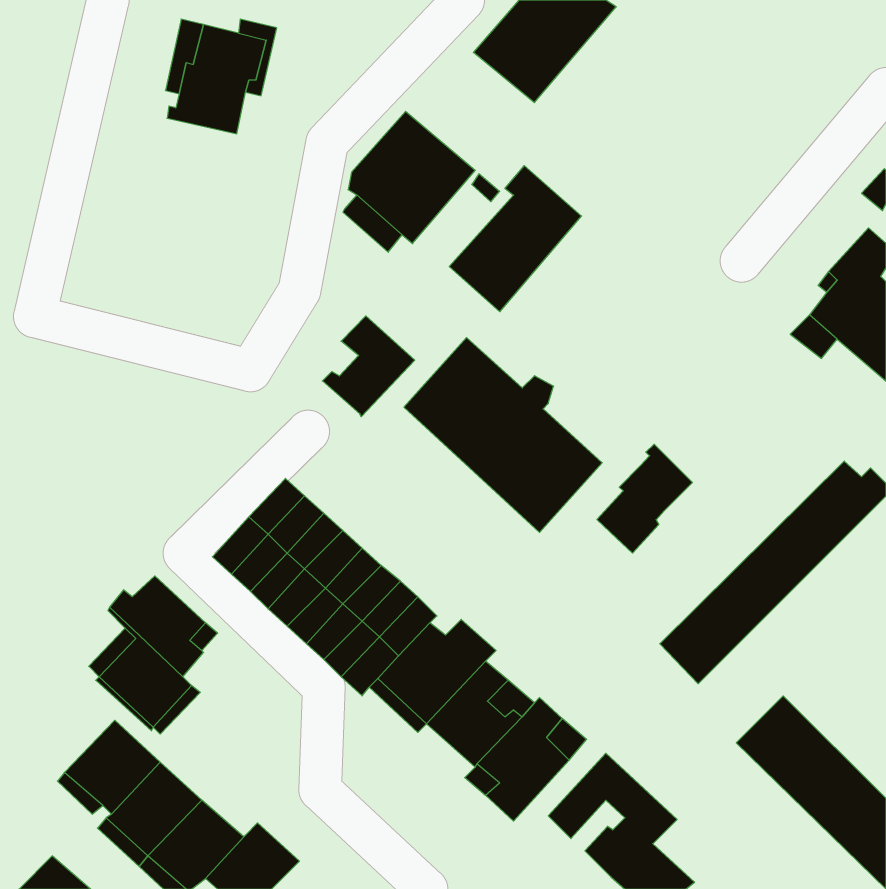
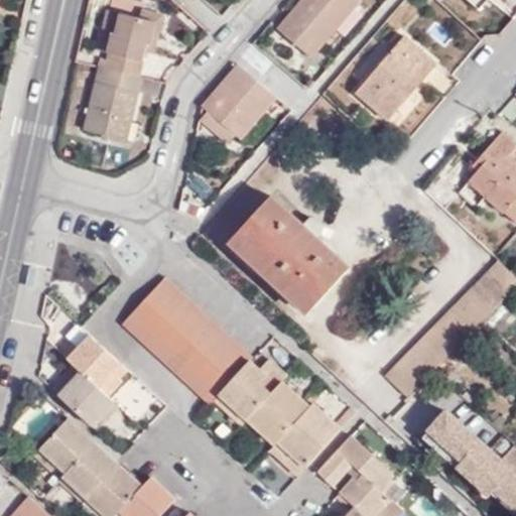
building: none -> [83,69,140,141]
building: [449,166,582,312] -> [358,33,434,118]
building: [322,316,415,417] -> none
building: [597,444,692,553] -> none

